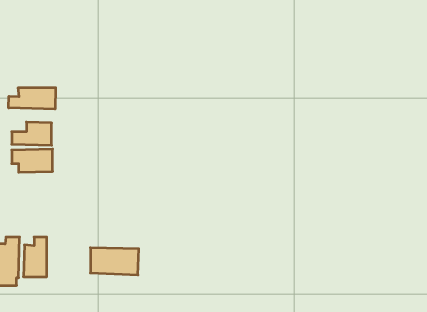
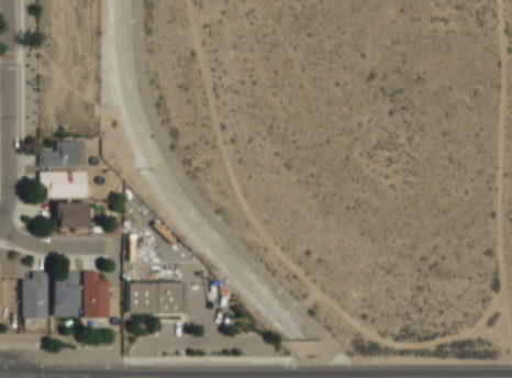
building: [9,88,56,109] -> none
building: none -> [56,202,87,227]
building: none -> [84,271,109,319]

